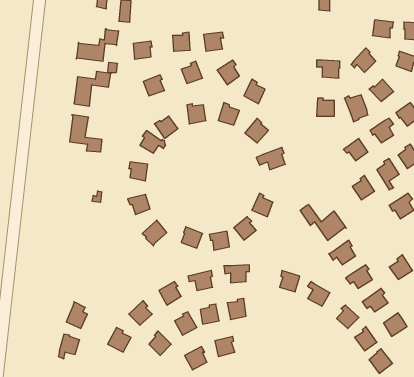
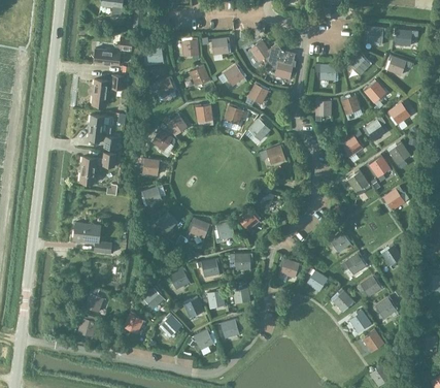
building: none -> [249,40,295,79]
building: none -> [78,153,115,184]
building: [300,204,346,241] -> none
building: none -> [73,222,110,252]

